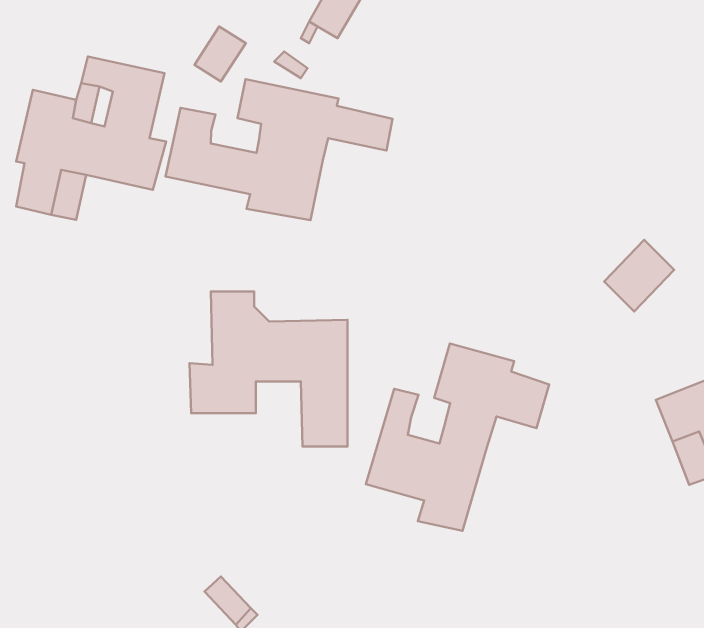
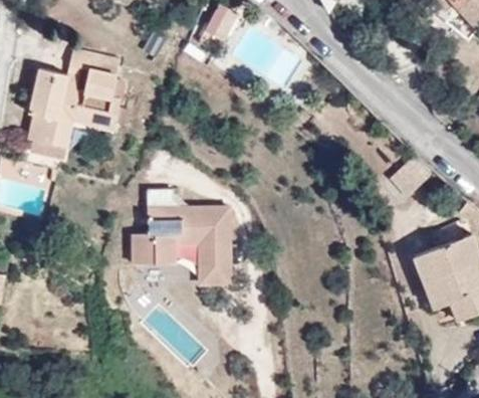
building: [166,79,392,220] -> none
building: [366,343,549,531] -> none

